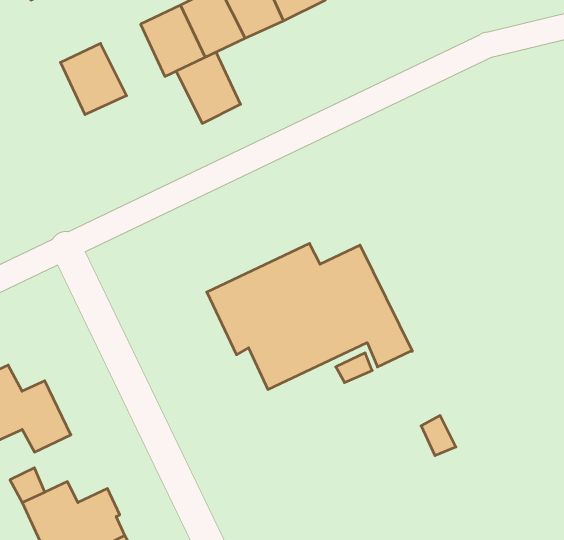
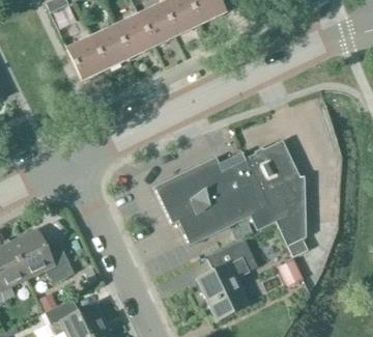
building: [176,52,241,123] -> [90,26,128,68]
building: none -> [245,140,307,256]
building: none -> [198,242,256,316]

